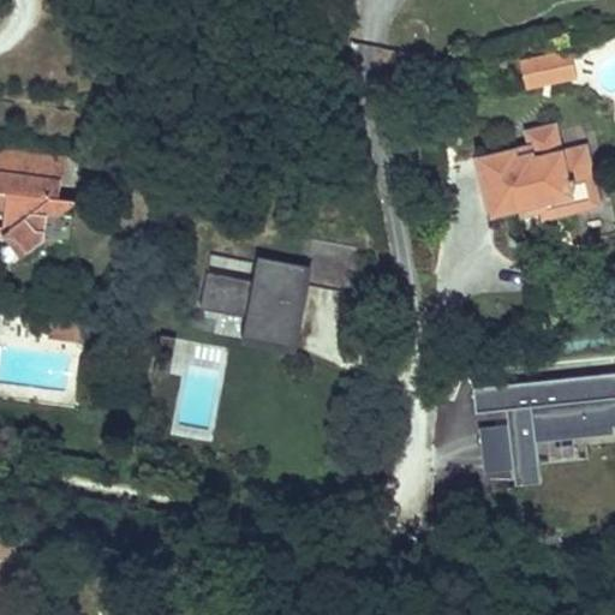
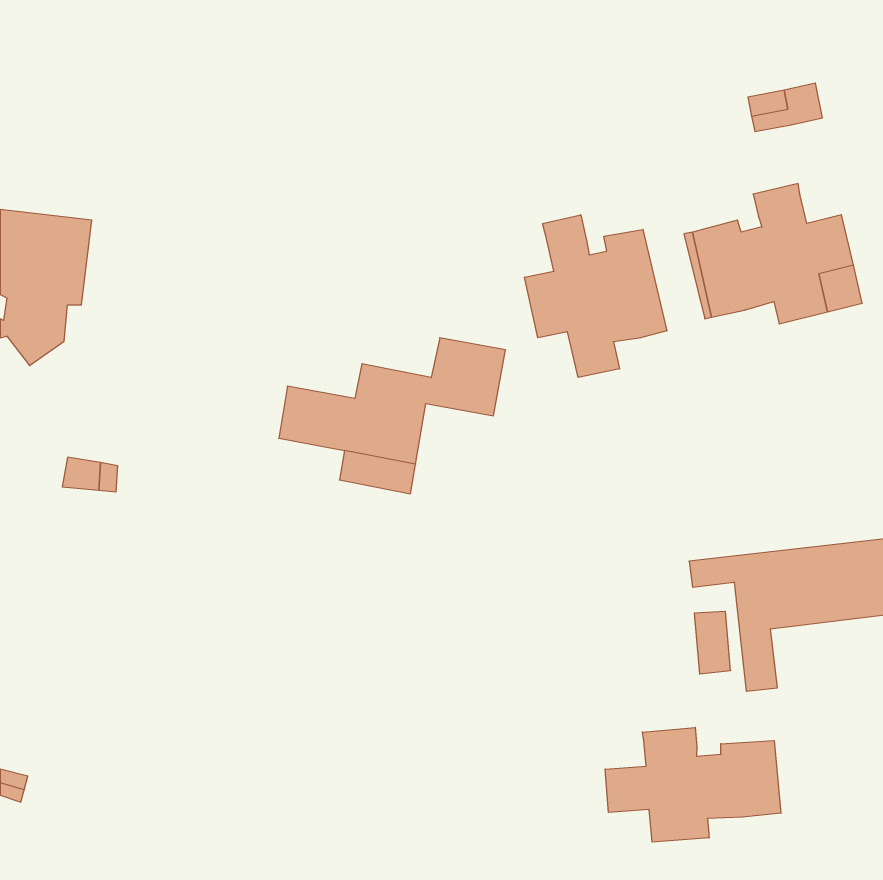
building: none -> [524,215,667,377]
building: none -> [605,727,781,842]

